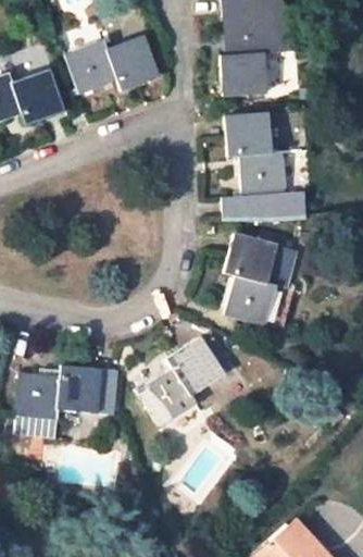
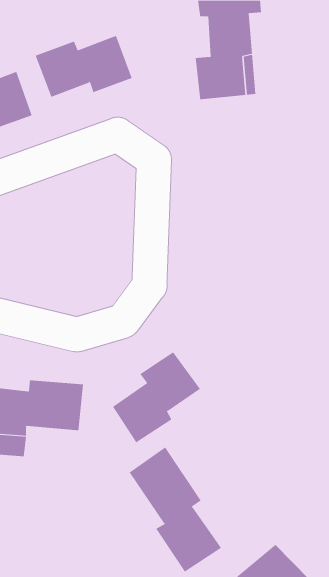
building: [223,113,305,221] -> none
building: [223,234,297,325] -> none
building: none -> [129,447,222,572]

